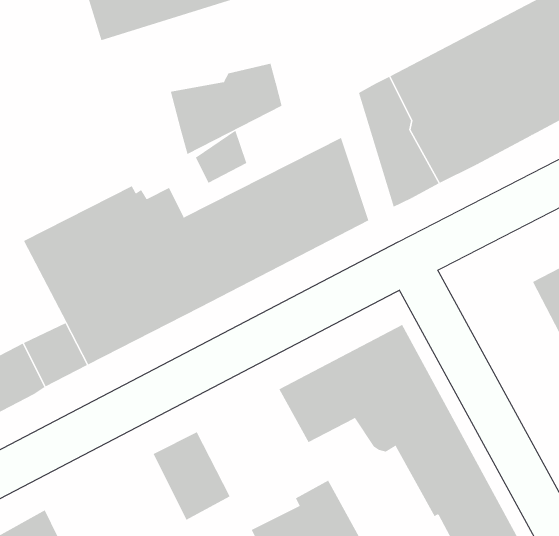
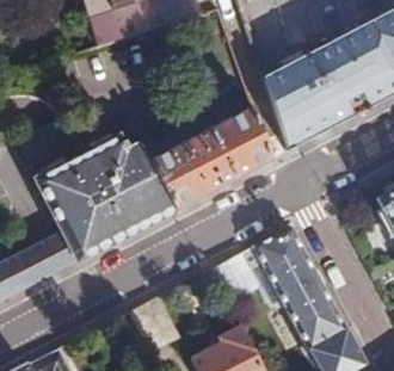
building: [170,63,282,155] -> none

